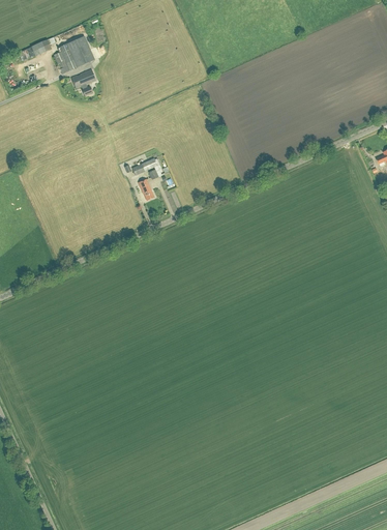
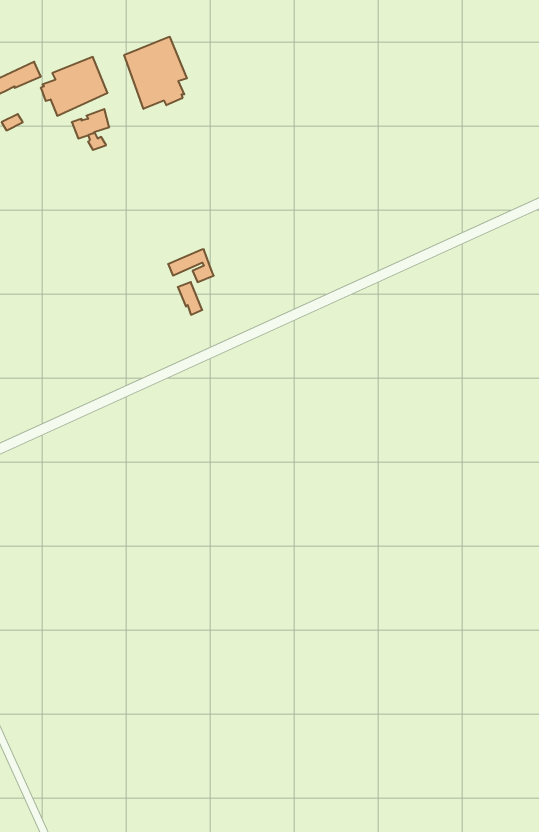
building: none -> [124,37,187,109]

